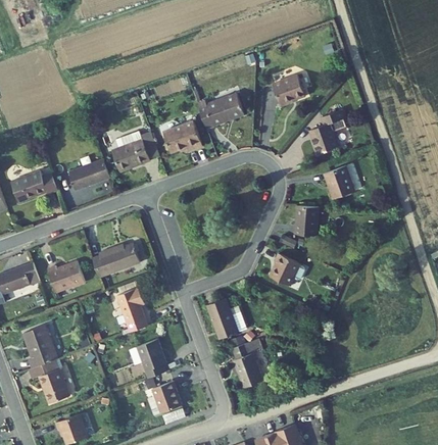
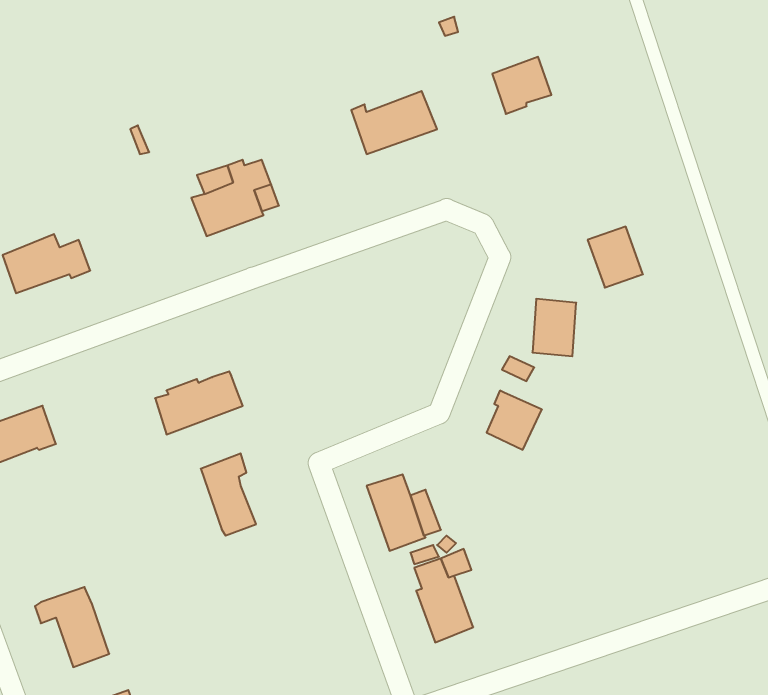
building: [310,109,344,153] -> none
building: [163,120,202,151] -> none
building: [69,158,110,190] -> none
building: [48,260,85,291] -> none
building: [23,325,56,366] -> none
building: [137,338,165,377] -> none
building: [152,381,181,411] -> none

